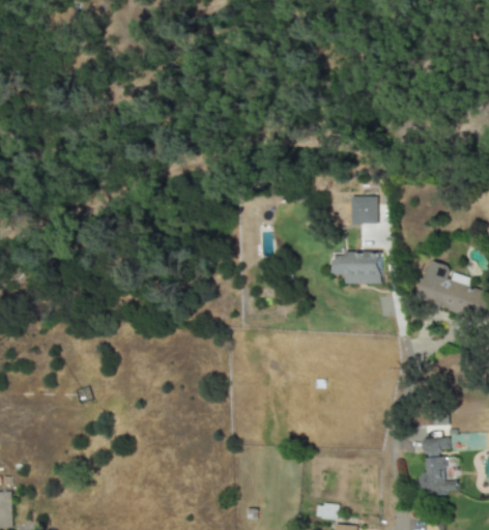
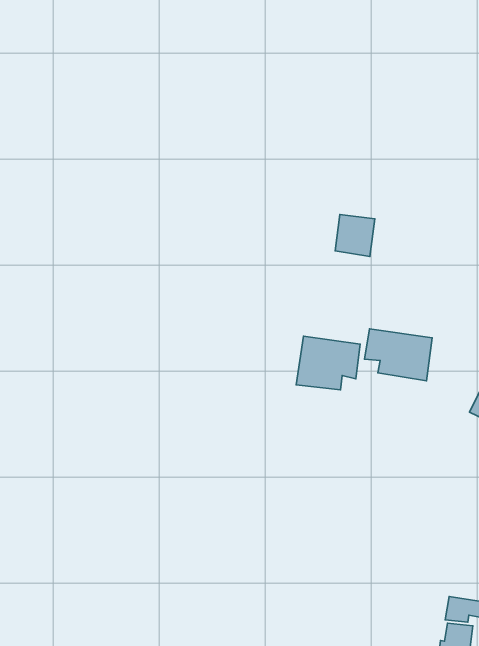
building: [349,196,376,224] -> [335,215,375,256]
building: none -> [296,336,360,390]

